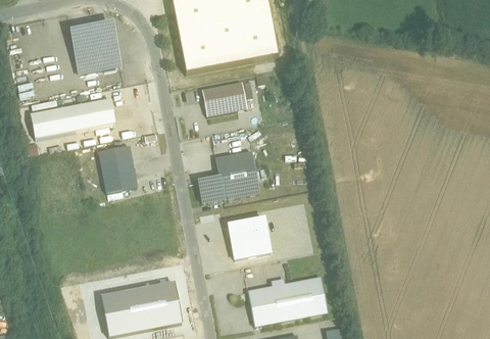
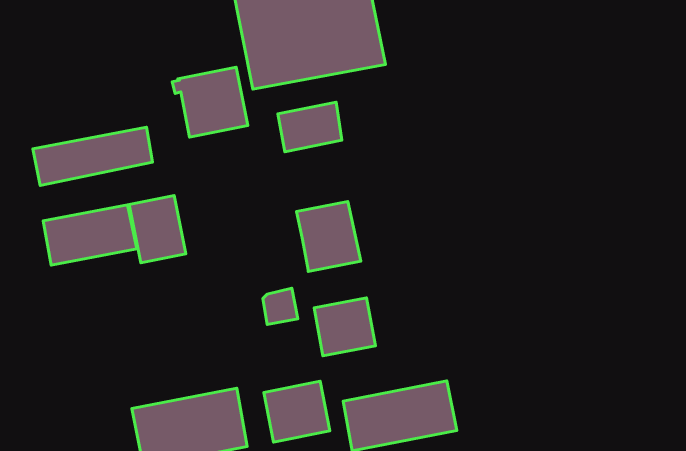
building: [67,23,120,72] -> [172,67,248,137]
building: none -> [43,205,137,265]
building: [199,177,224,202] -> [263,288,298,325]
building: none -> [264,381,330,442]

